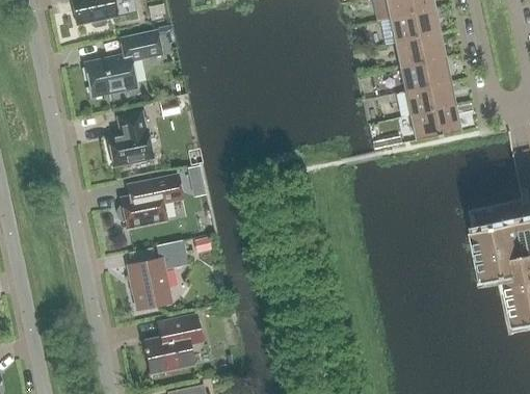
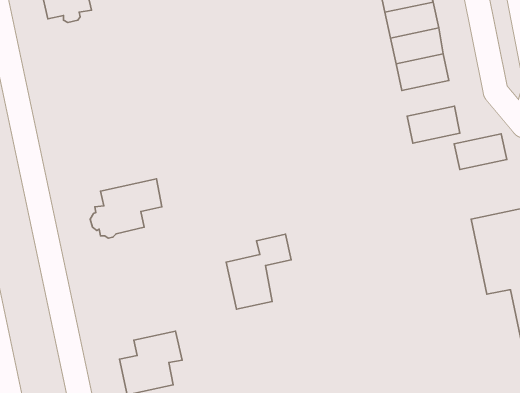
building: [85,31,162,97] -> none
building: [406,82,455,115] -> [454,134,507,169]
building: [109,111,154,165] -> none
building: [129,240,189,310] -> [226,234,291,309]

